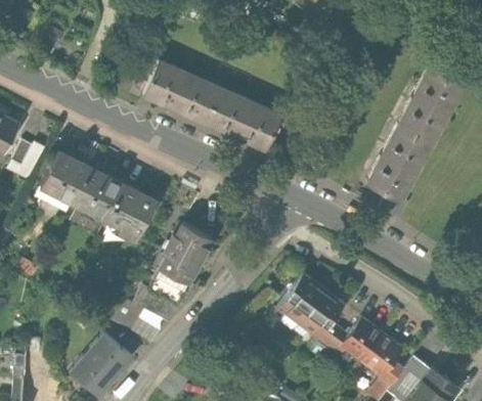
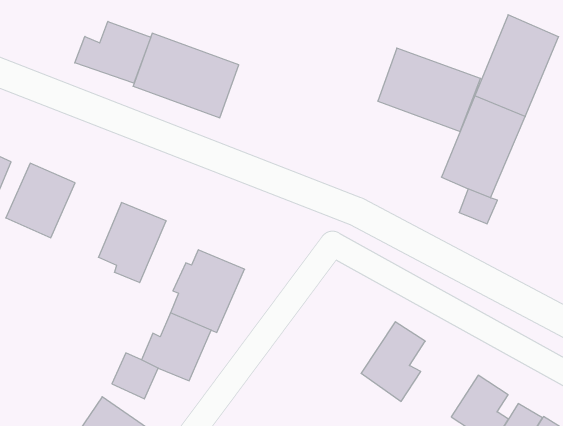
building: none -> [75,21,151,83]
building: [205,86,283,152] -> [378,48,481,132]
building: [71,166,126,223] -> none
building: [276,273,325,325] -> none
building: [325,317,385,363] -> none

